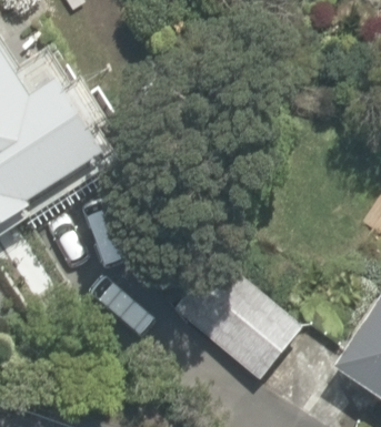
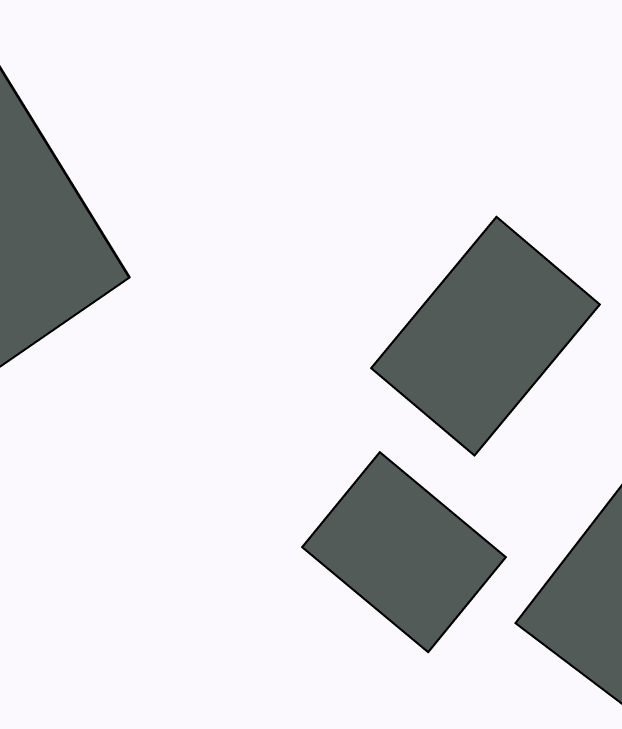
building: none -> [371,217,600,456]

